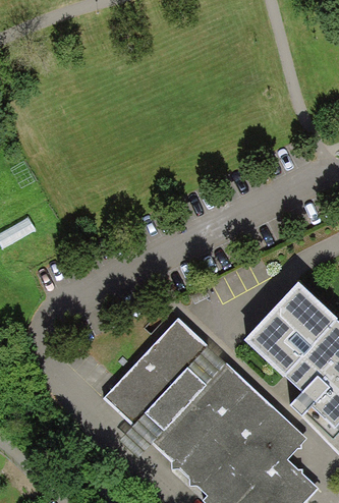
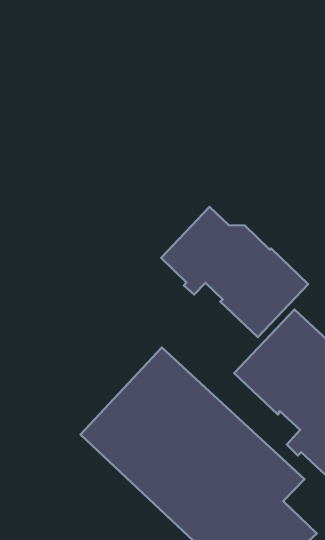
building: none -> [161,207,308,337]

